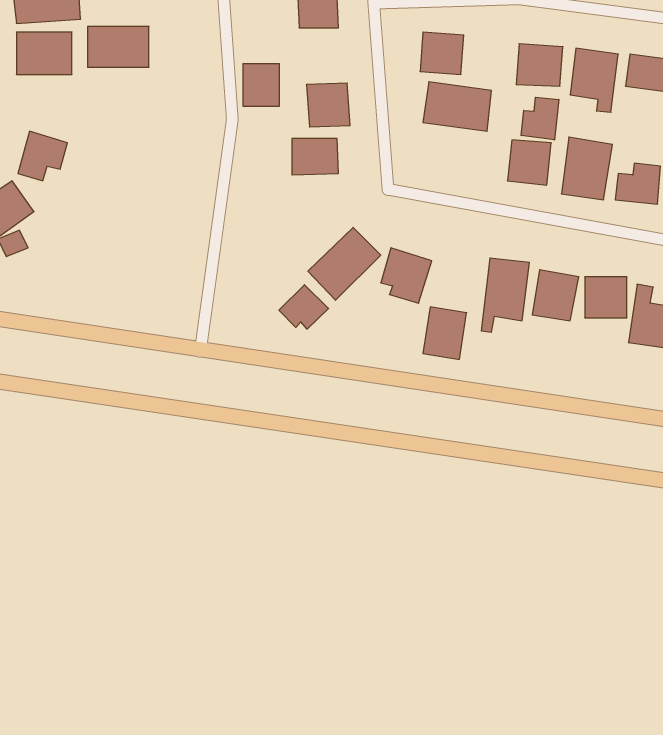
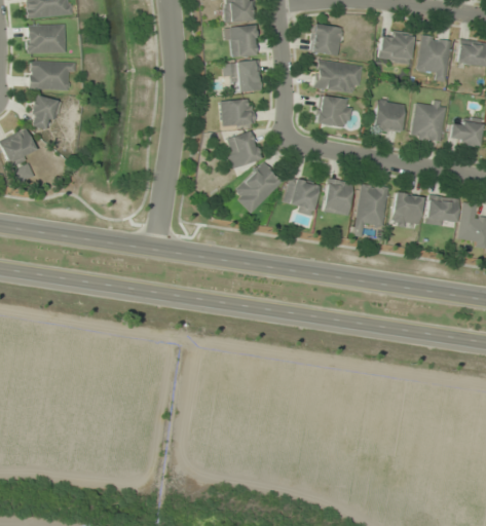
building: [88,26,149,67] -> [30,61,73,89]
building: [243,64,279,106] -> [231,27,257,57]
building: [521,97,559,140] -> none
building: none -> [317,97,352,127]
building: none -> [227,132,260,168]
building: [279,285,329,329] -> none
building: [423,307,467,359] -> [323,179,353,216]

